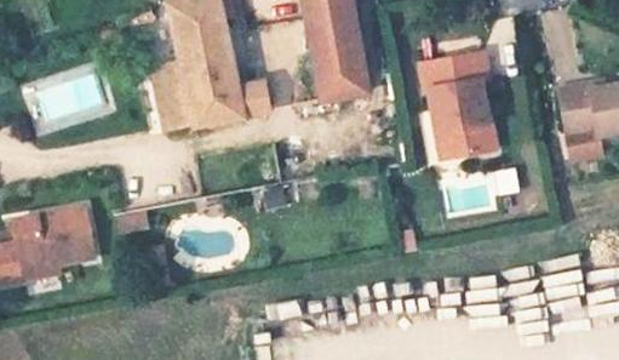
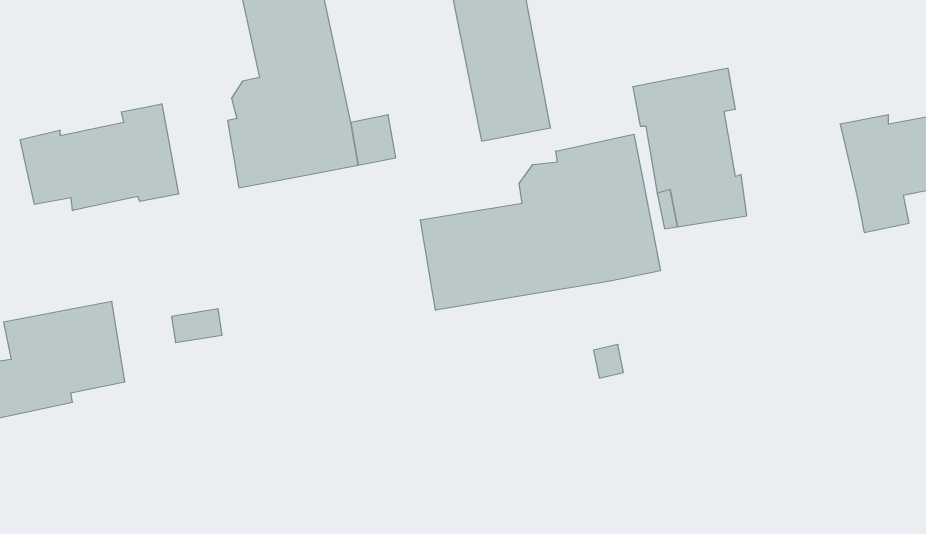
building: none -> [20,104,178,211]
building: none -> [420,134,660,310]

